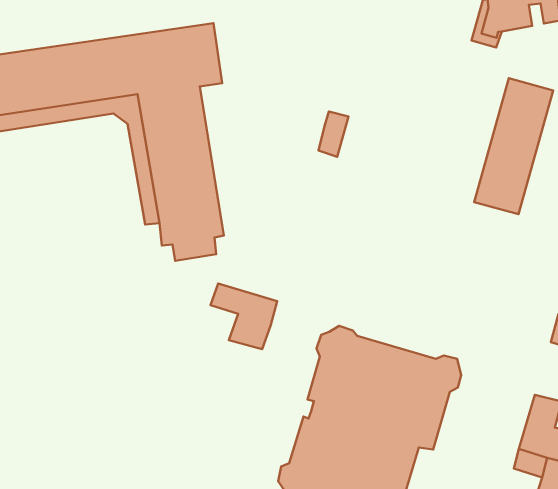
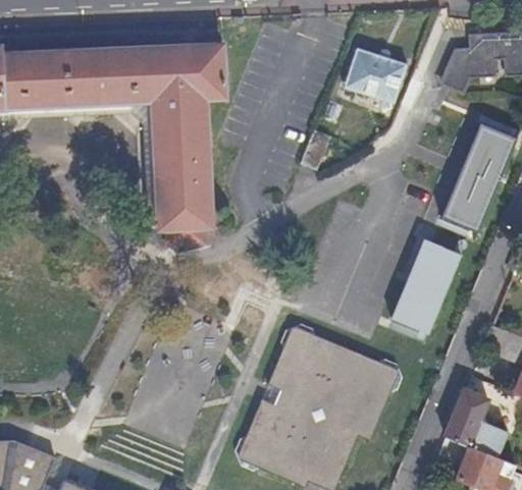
building: none -> [345,48,406,102]
building: none -> [393,238,463,334]
building: [210,284,277,349] -> none

